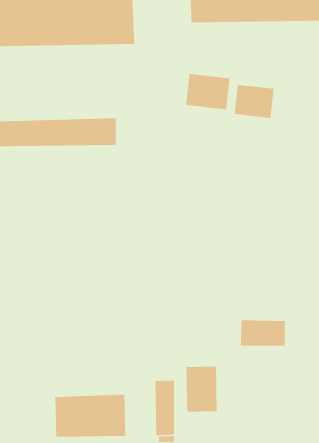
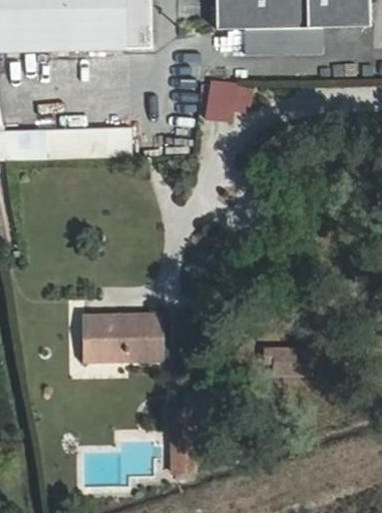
building: [234,84,275,119] -> none
building: [186,366,218,412] -> none
building: [55,394,126,437] -> [83,315,160,362]

